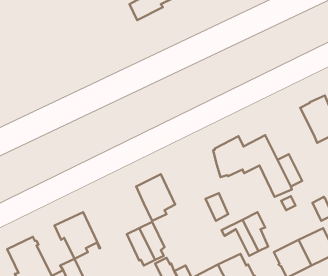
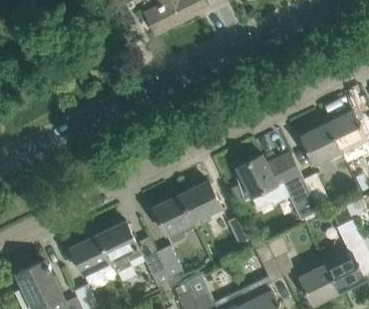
building: none -> [298,124,341,166]
building: none -> [179,181,221,227]
building: none -> [97,221,141,273]

